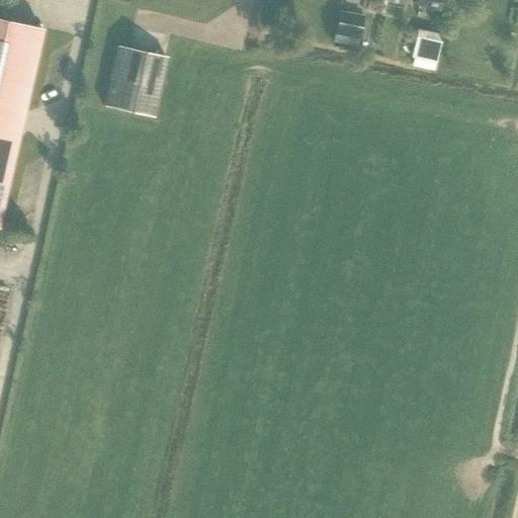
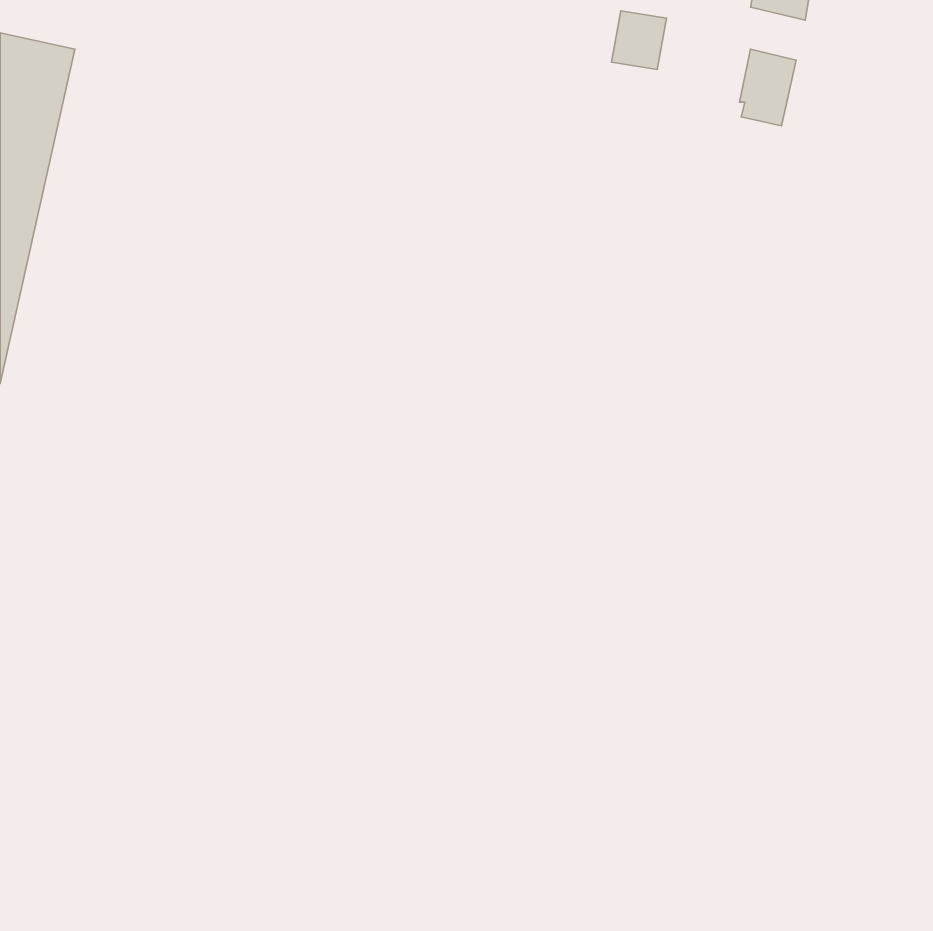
building: [103,45,165,115] -> none

